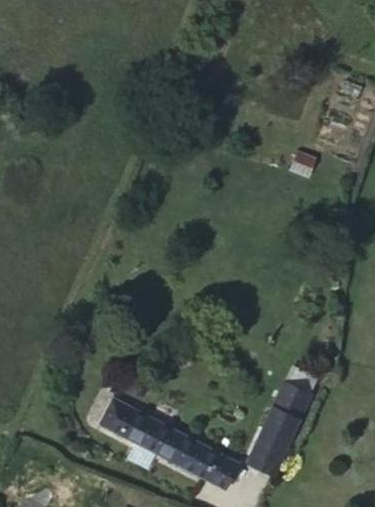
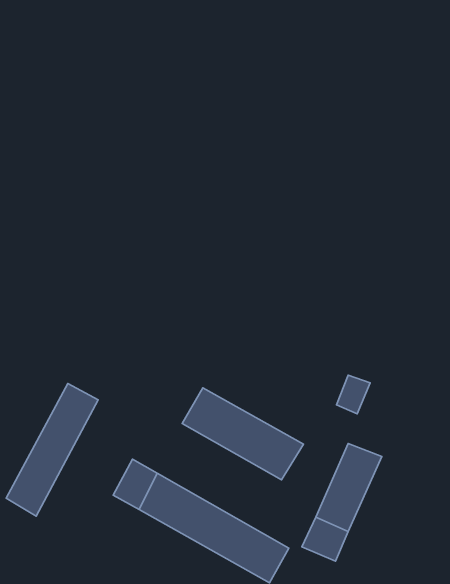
building: none -> [6,383,98,516]
building: none -> [182,388,303,480]

